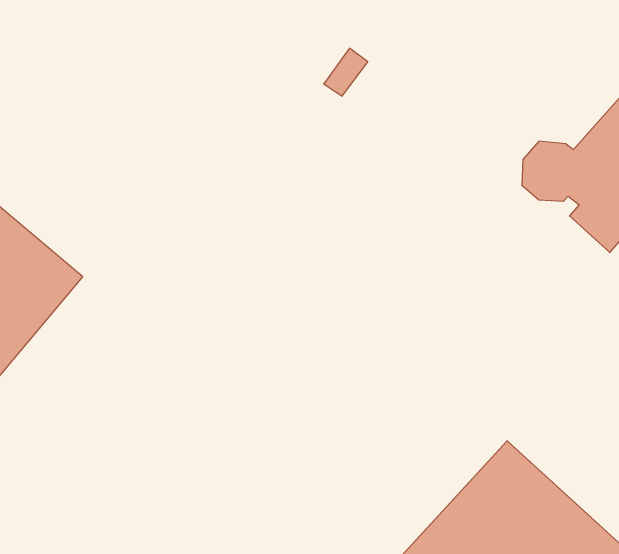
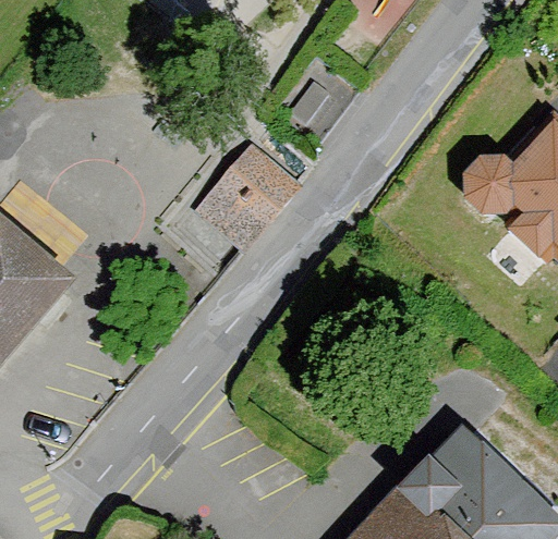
building: none -> [194,132,303,243]

